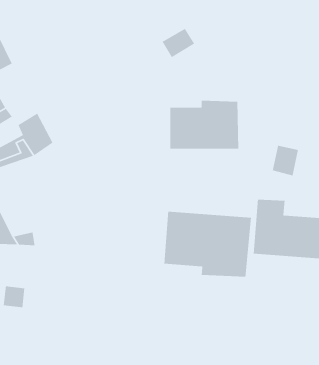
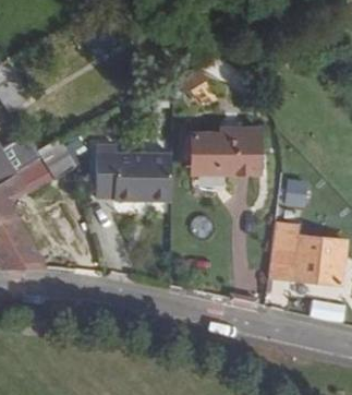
building: none -> [93,144,167,201]
building: [163,211,252,277] -> none

